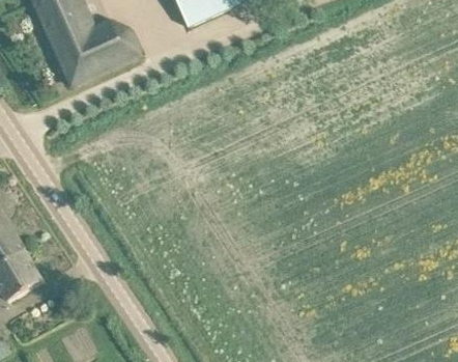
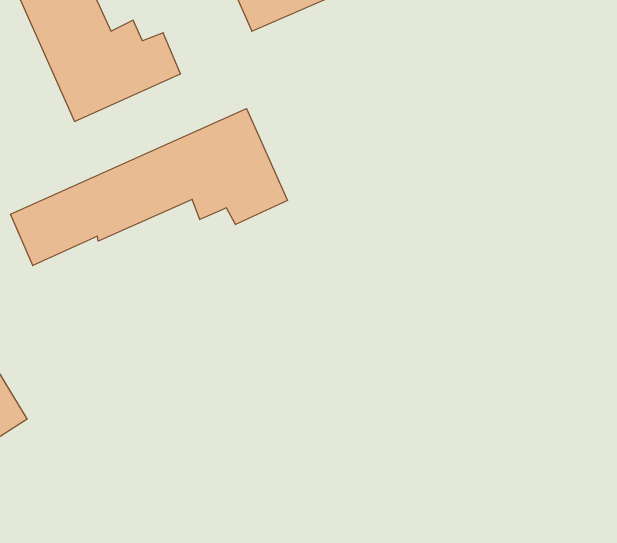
building: none -> [11,109,288,266]

